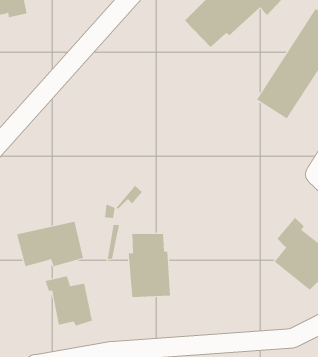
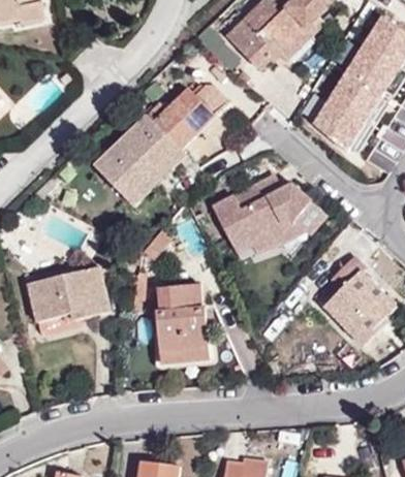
building: none -> [106,90,217,206]
building: none -> [210,174,329,262]
building: [45,276,92,327] -> none

